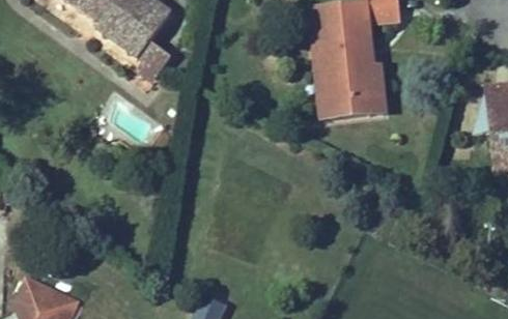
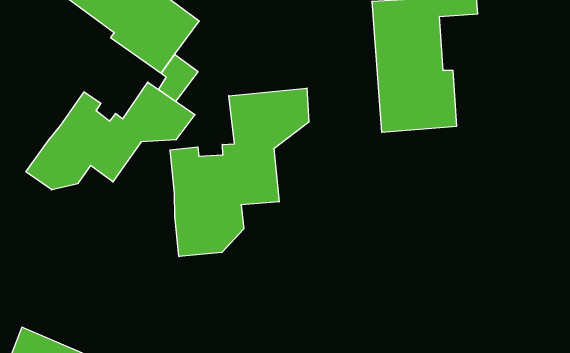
building: none -> [26,82,195,190]
building: none -> [170,88,309,257]

